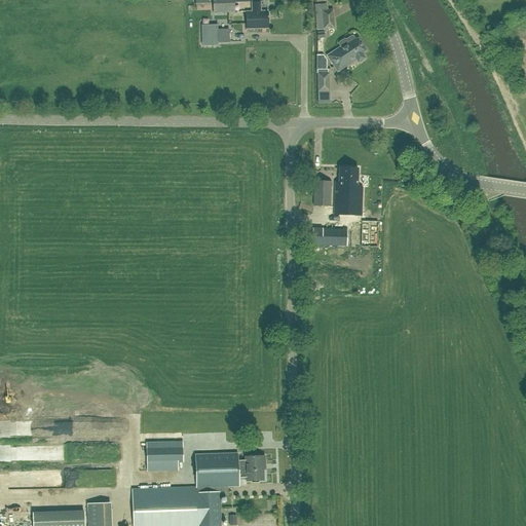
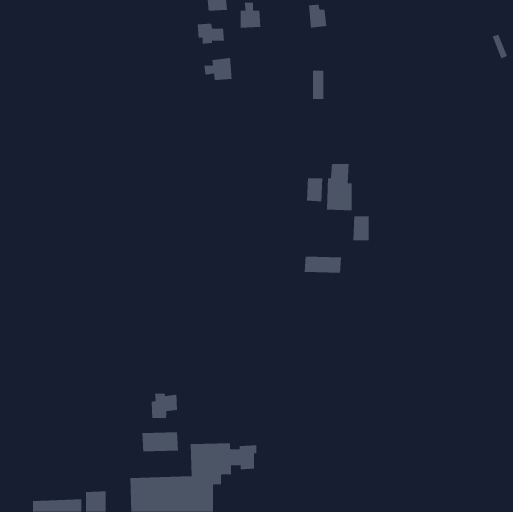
building: [326,35,366,72] -> none
building: none -> [204,57,232,81]
building: [308,228,347,246] -> [304,256,342,273]
building: none -> [151,393,177,419]

